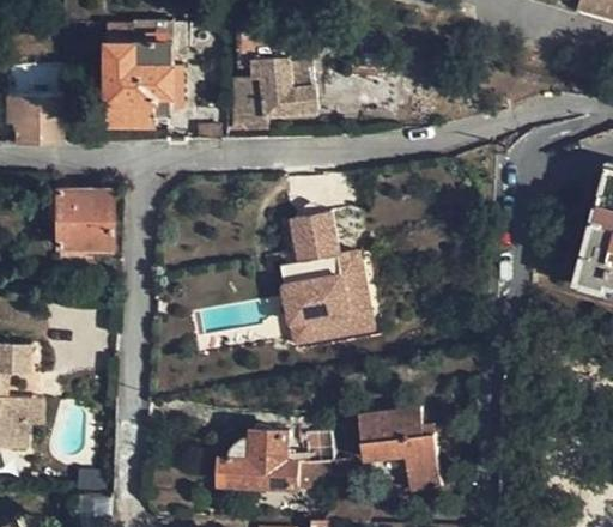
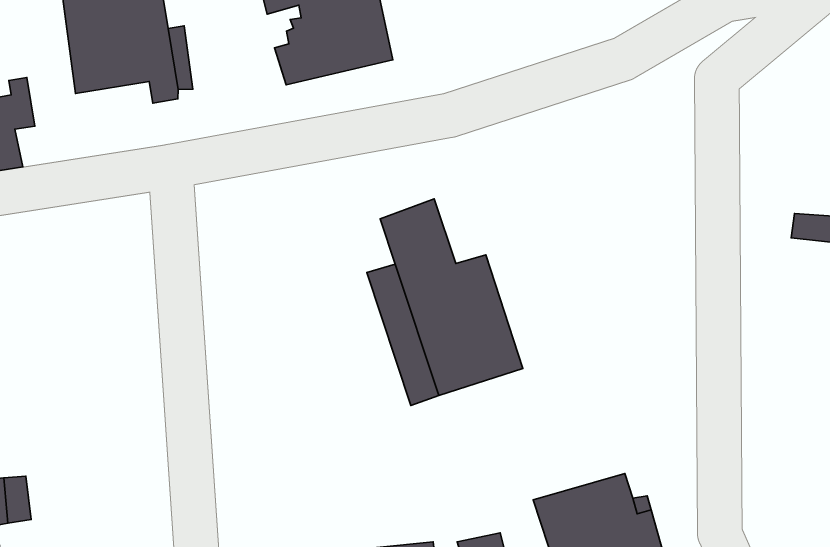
building: [105,101,156,126] -> none
building: [57,187,113,247] -> none

